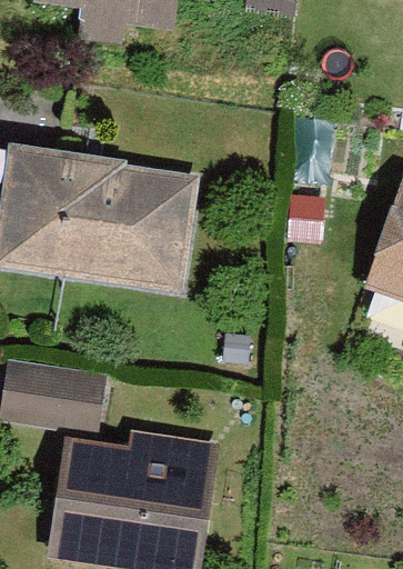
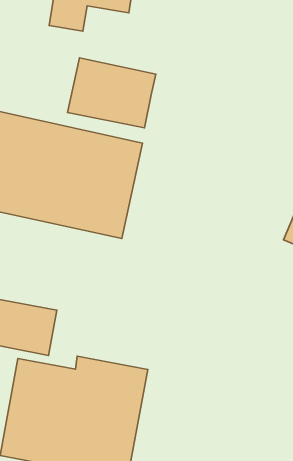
building: none -> [68,58,156,128]

